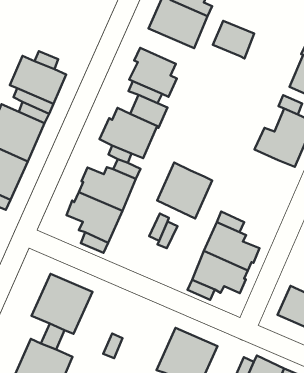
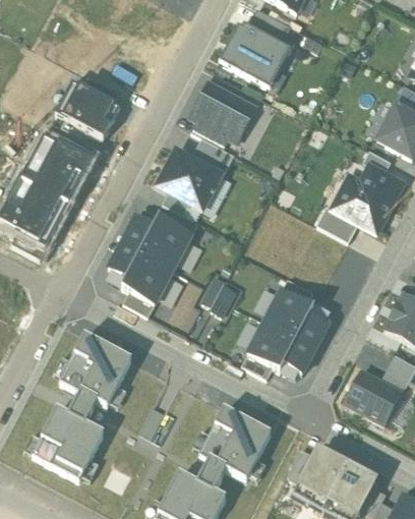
building: [213,21,254,58] -> none
building: none -> [316,205,358,241]
building: [157,163,212,218] -> none

